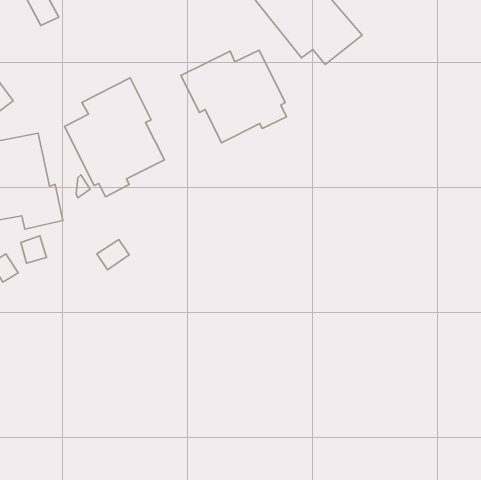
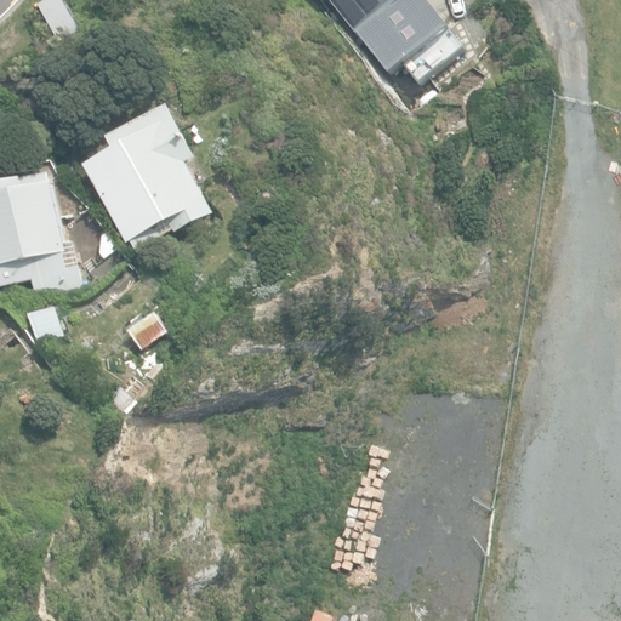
building: [181,50,287,143] -> none

